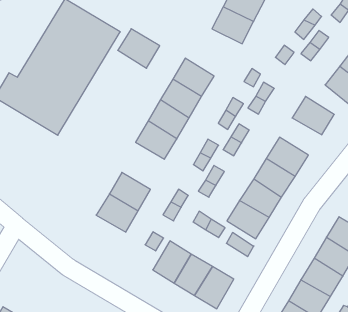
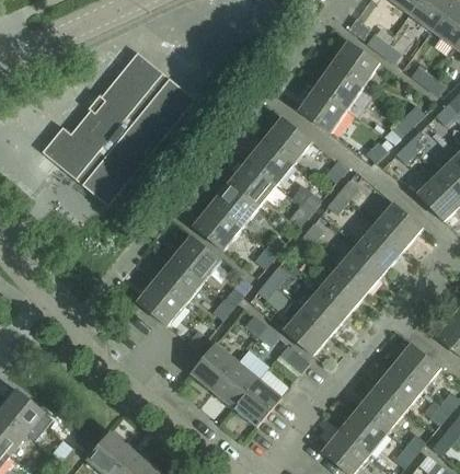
building: [118,29,160,68] -> [264,117,312,164]
building: none -> [357,224,405,269]
building: none -> [173,235,221,281]

